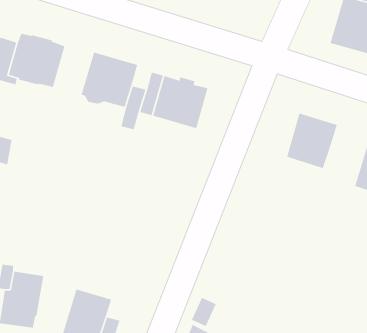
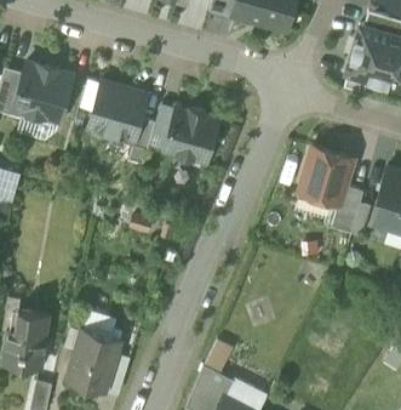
building: none -> [331,186,362,233]

